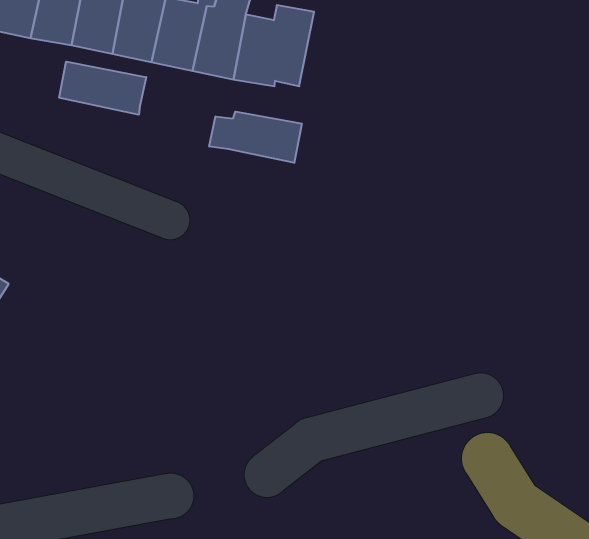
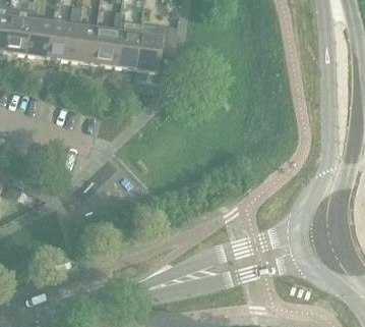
building: [59,62,146,115] -> none
building: [209,112,302,163] -> none

